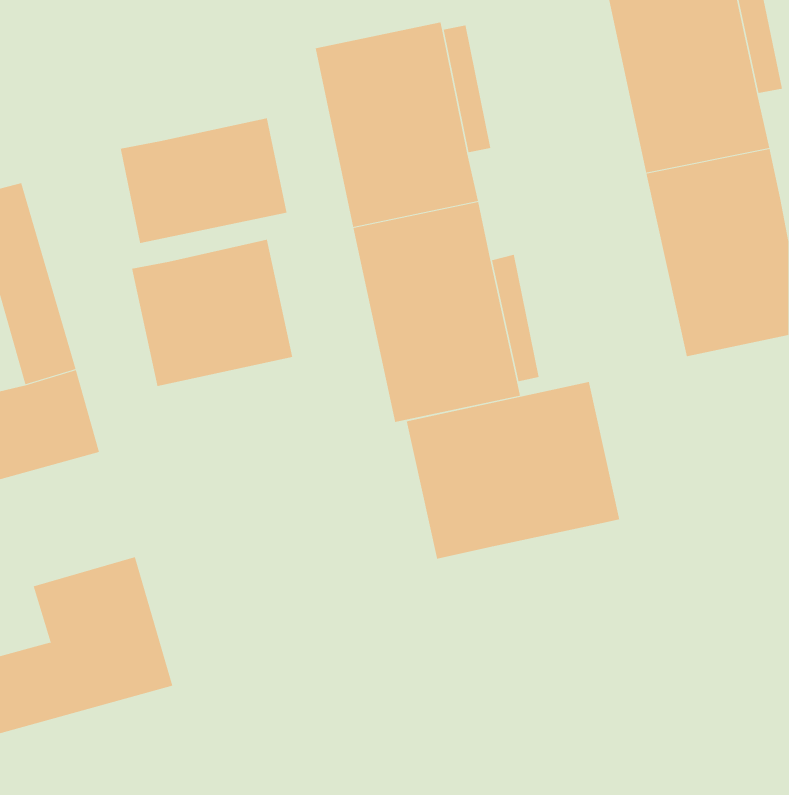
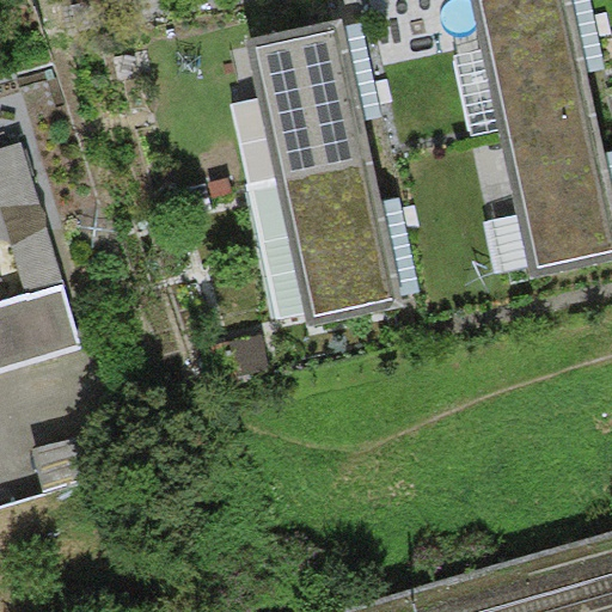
building: [120,118,287,244] -> none
building: [132,239,293,387] -> none
building: [406,381,620,559] -> none

